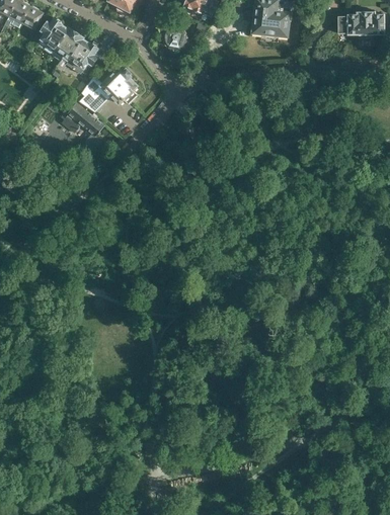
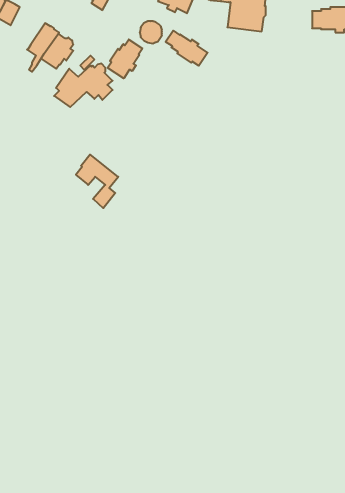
building: [36,17,69,54] -> none
building: none -> [166,31,208,66]
building: none -> [108,39,142,78]
building: [62,101,104,155] -> [76,155,118,208]

